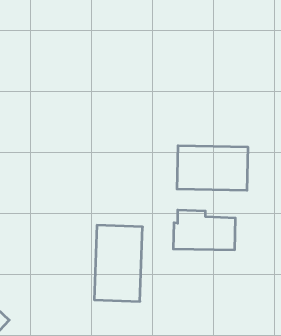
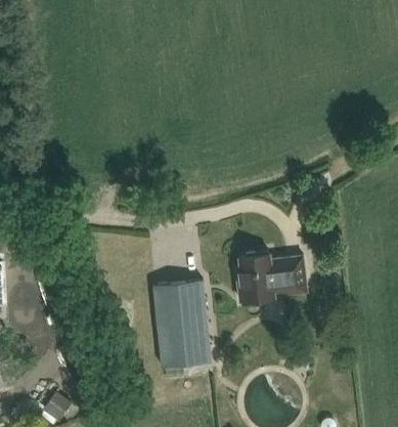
building: [177,146,248,190] -> none

